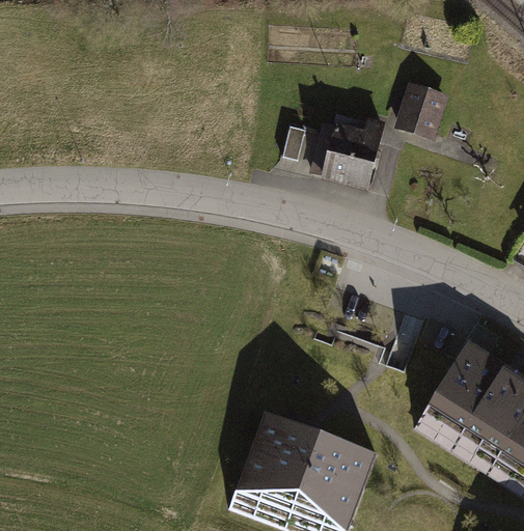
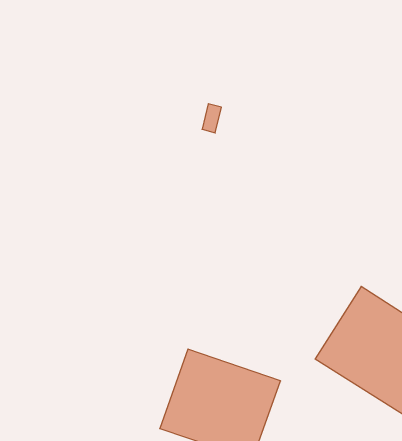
building: [391,80,445,139] -> none
building: [316,116,384,192] -> none

